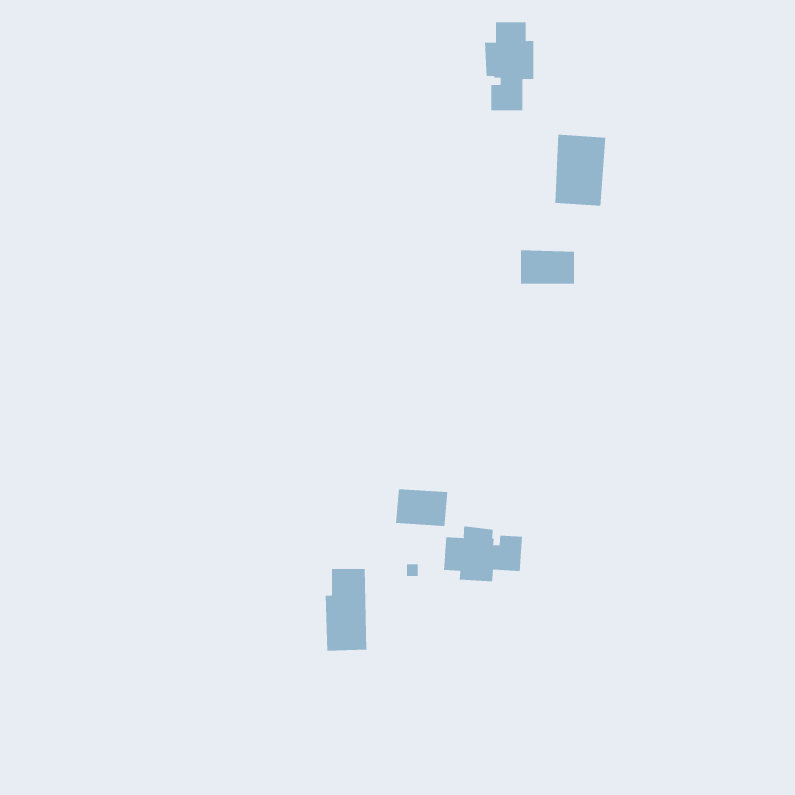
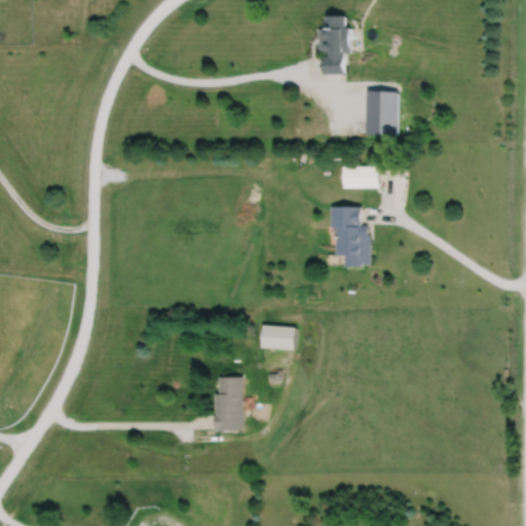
building: none -> [332,208,371,268]
building: [444,526,522,582] -> none

